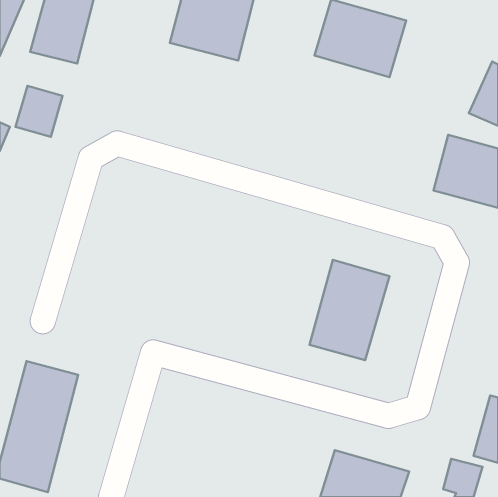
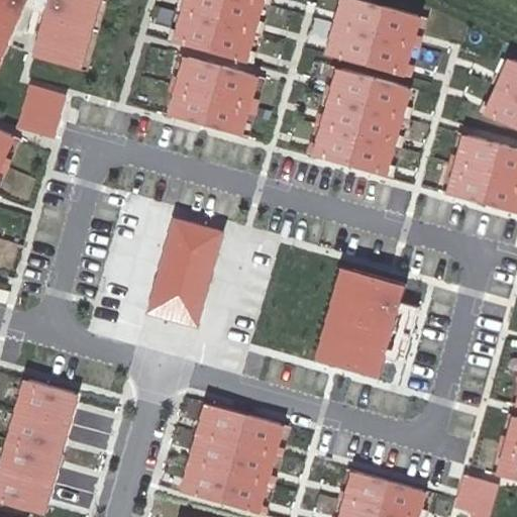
building: none -> [169,61,258,138]
building: none -> [313,73,409,178]
building: none -> [144,217,220,323]
building: none -> [183,400,282,504]

